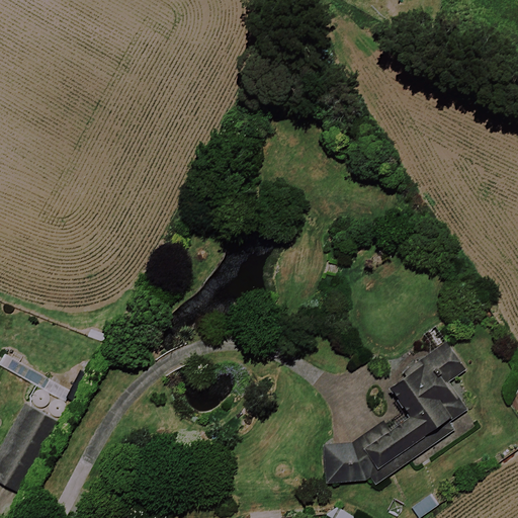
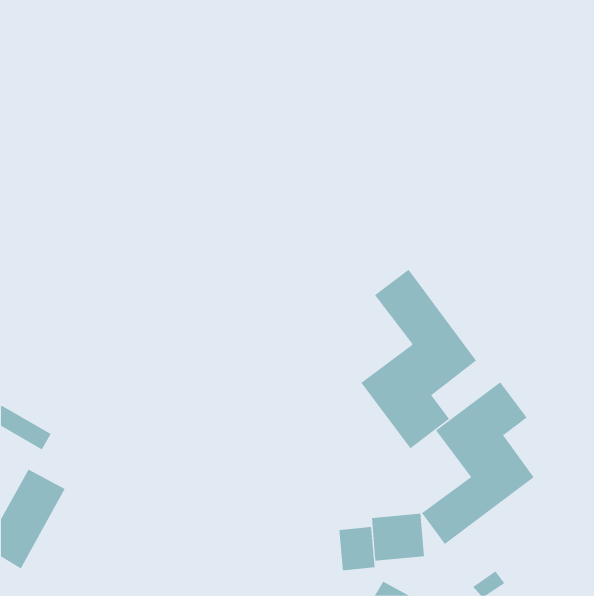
building: none -> [361,269,477,449]
building: none -> [339,526,375,571]

